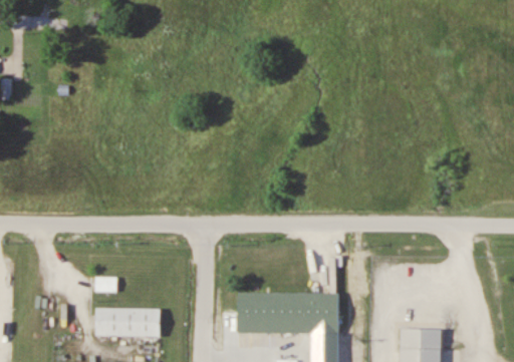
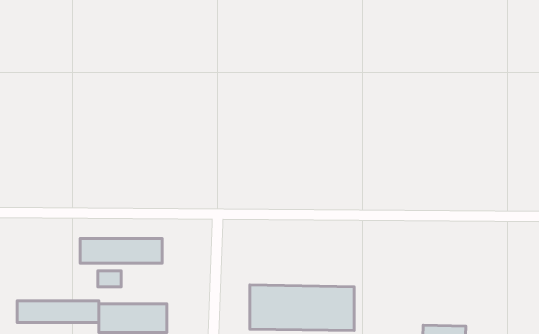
building: none -> [80,239,162,263]
building: none -> [17,301,99,323]

